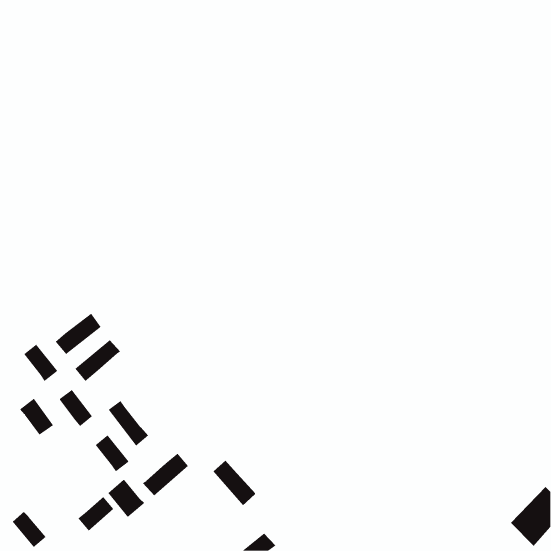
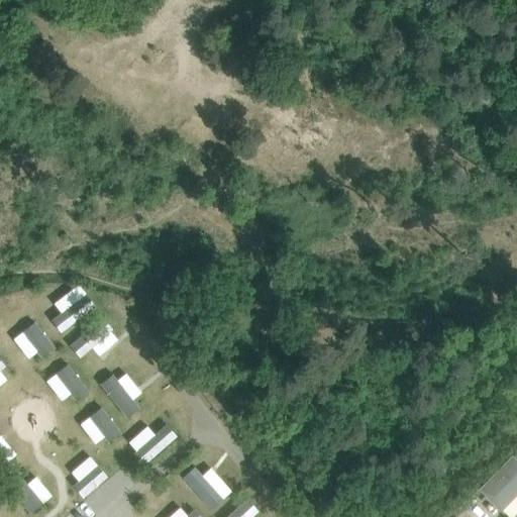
building: [19,398,54,435] -> none
building: [213,460,256,506] -> [183,467,223,510]
building: [108,479,145,518] -> none

